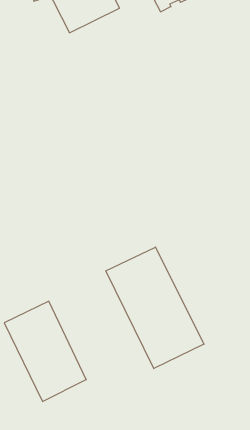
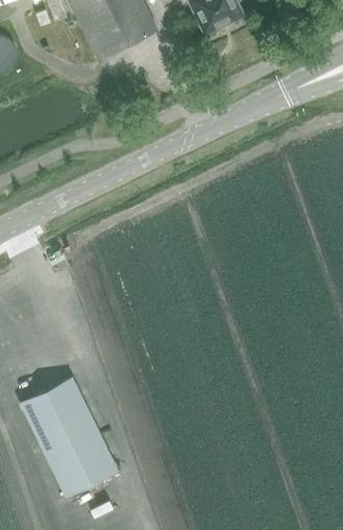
building: [106,247,204,369] -> none

